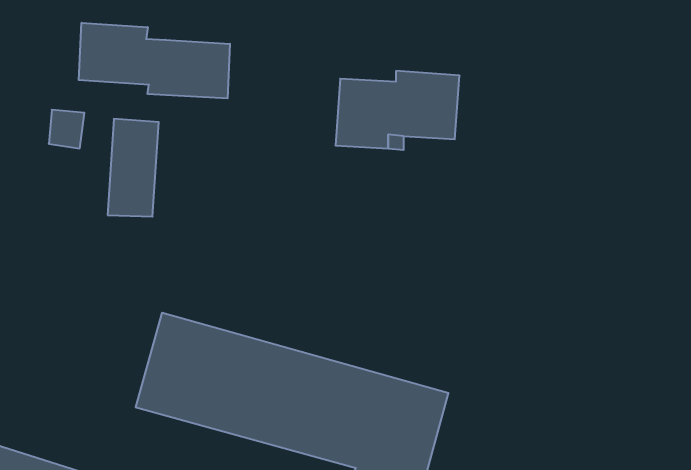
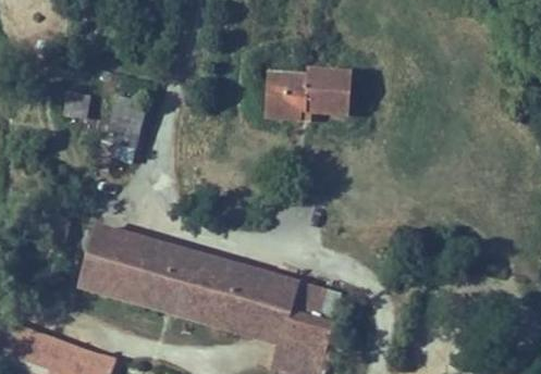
building: [79,23,230,98] -> none
building: none -> [76,222,143,301]

